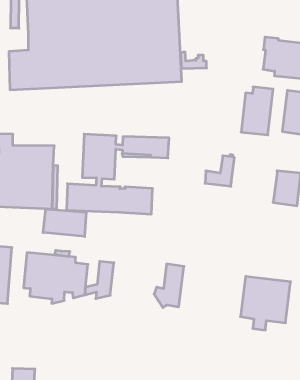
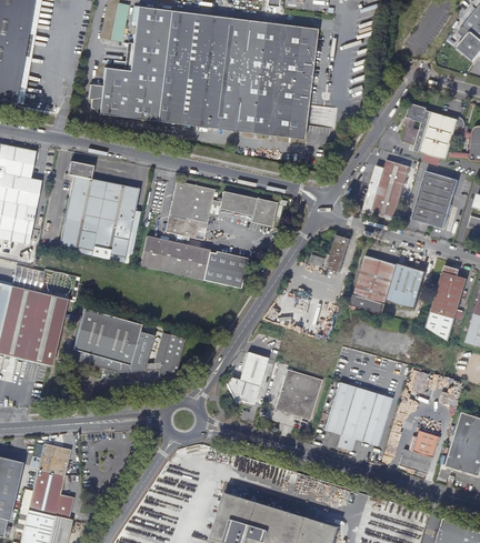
building: none -> [350,255,398,318]
building: [43,209,86,237] -> none
building: none -> [276,369,322,420]

